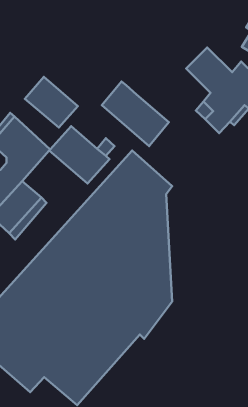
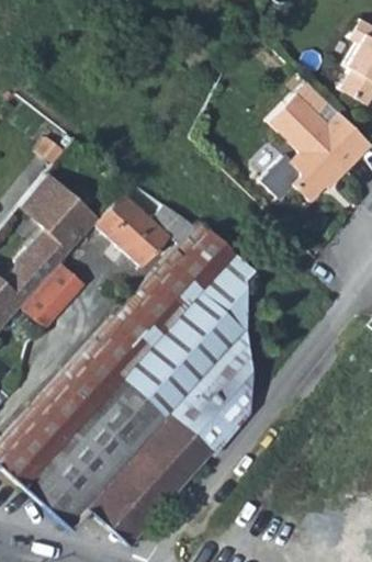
building: [25,77,78,127] -> none
building: [102,81,169,146] -> none

